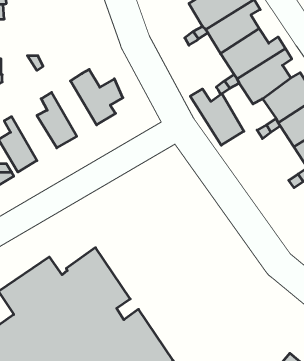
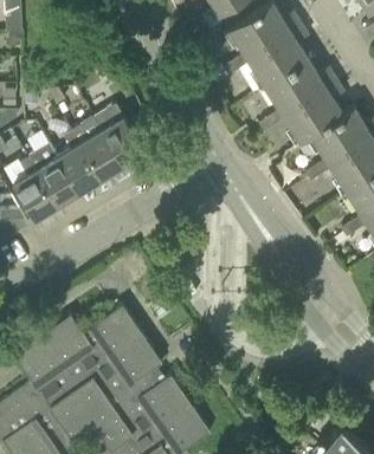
building: none -> [72,117,123,180]
building: [190,89,244,145] -> none
building: none -> [27,144,78,207]

